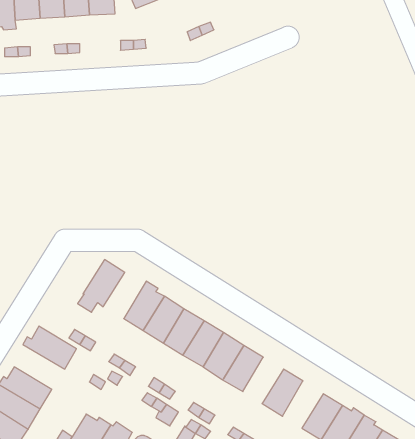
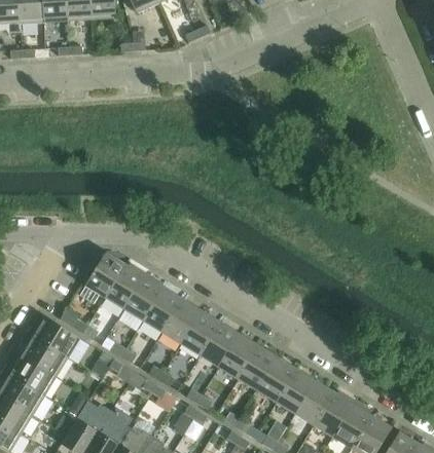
building: none -> [105,264,146,308]
building: none -> [20,333,68,376]
building: none -> [239,345,278,389]
building: none -> [277,368,316,413]

